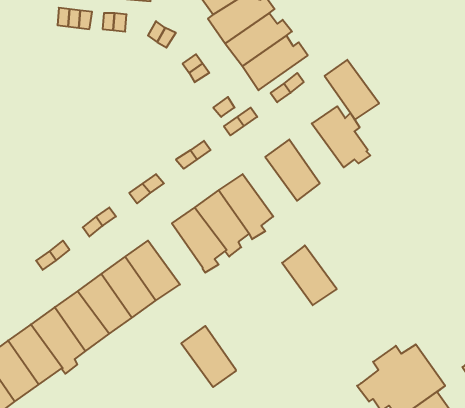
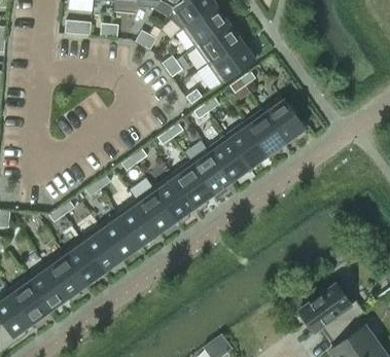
building: [325,60,379,120] -> [244,110,286,156]
building: [282,245,337,305] -> [208,136,250,182]
building: [181,326,236,387] -> [135,187,177,235]

